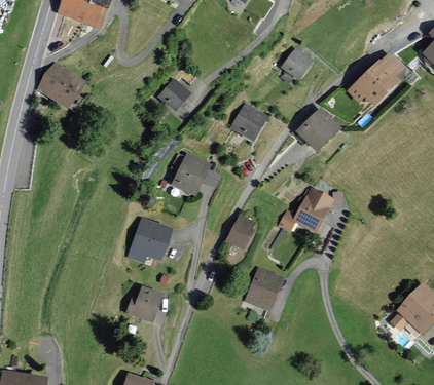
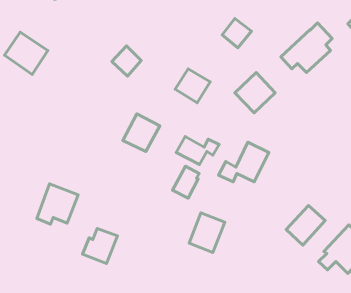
building: none -> [176,137,219,165]
building: [126,218,173,263] -> [37,184,78,224]
building: none -> [286,205,325,245]

